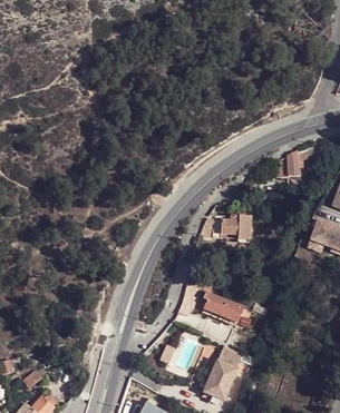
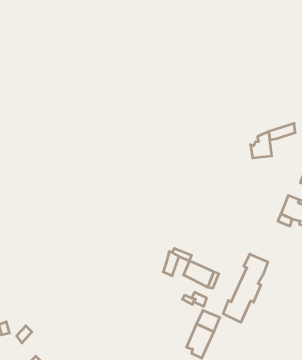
building: [212,213,249,238] -> none
building: none -> [223,254,268,322]

